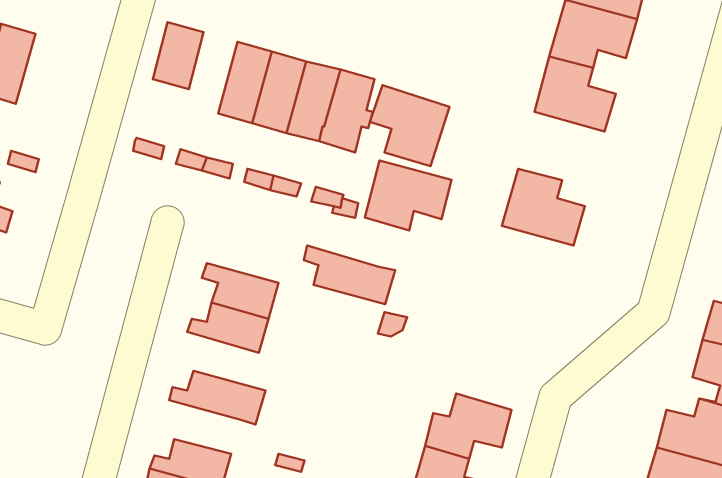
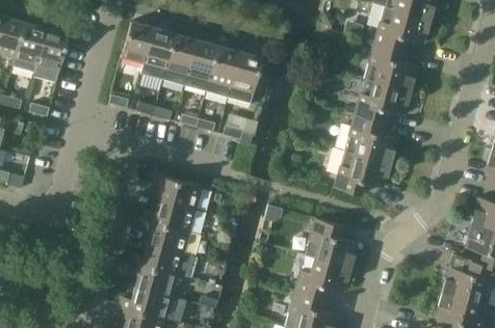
building: none -> [141,27,176,79]
building: none -> [33,28,70,82]
building: [370,85,449,166] -> none
building: none -> [355,78,410,121]
building: [365,160,451,230] -> [335,151,390,195]
building: [304,246,395,304] -> [141,218,200,255]
building: none -> [309,218,358,268]
building: none -> [129,262,178,296]

